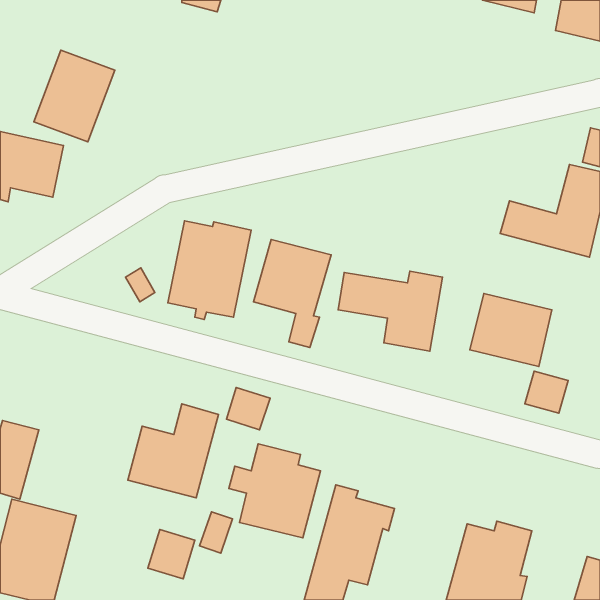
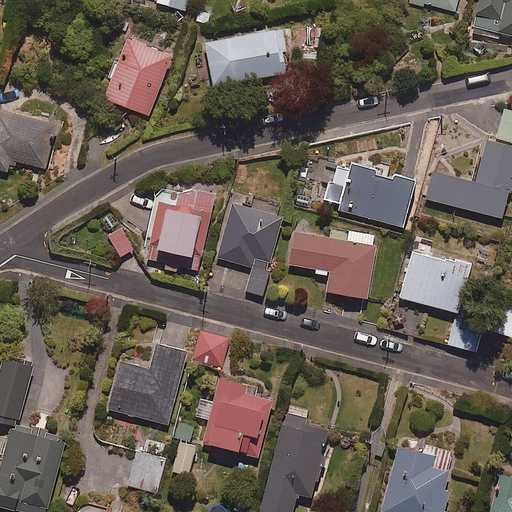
building: none -> [203,28,290,88]
building: [34,50,115,142] -> [102,37,171,115]
building: none -> [337,163,414,226]

